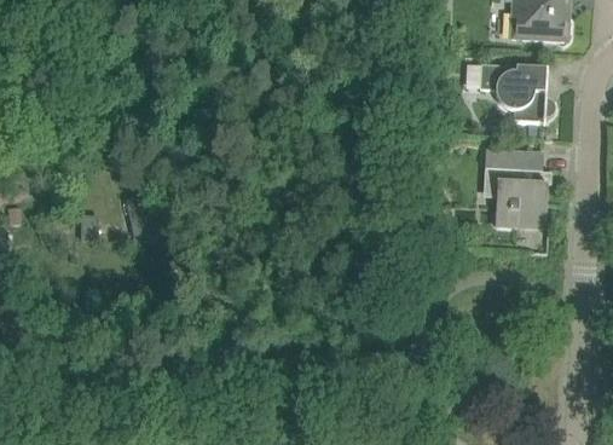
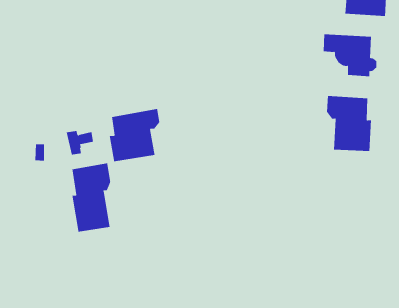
building: none -> [109,108,160,162]
building: none -> [72,162,111,232]

